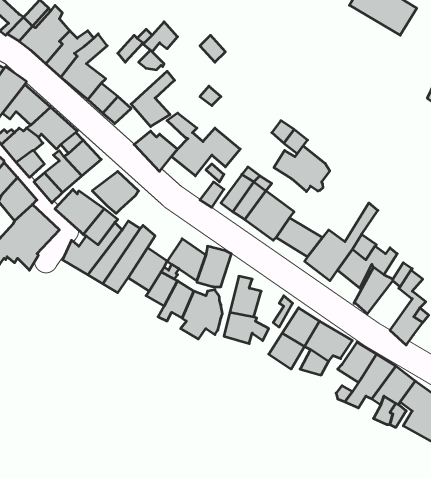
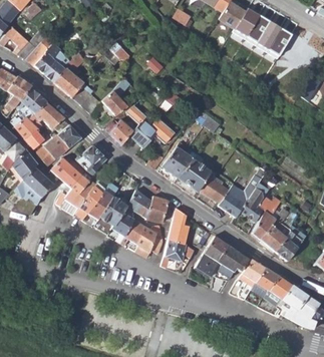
building: [274,146,330,192] -> none
building: none -> [260,219,290,252]

